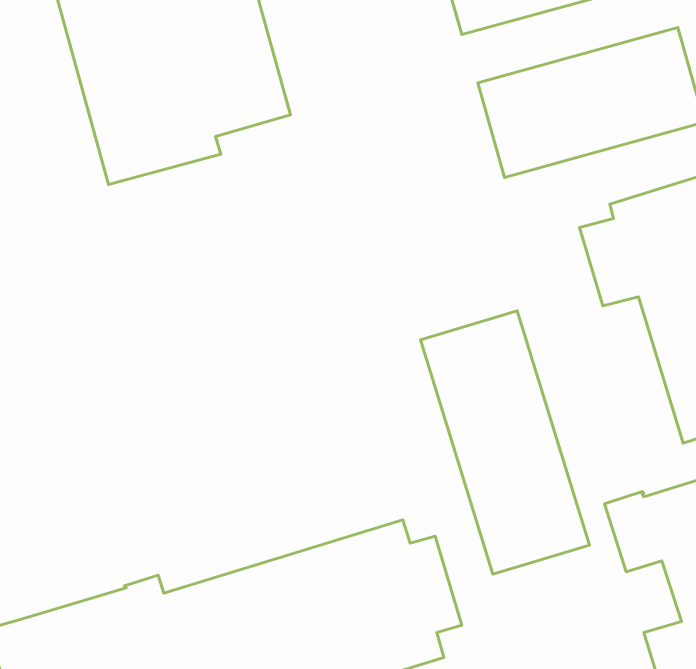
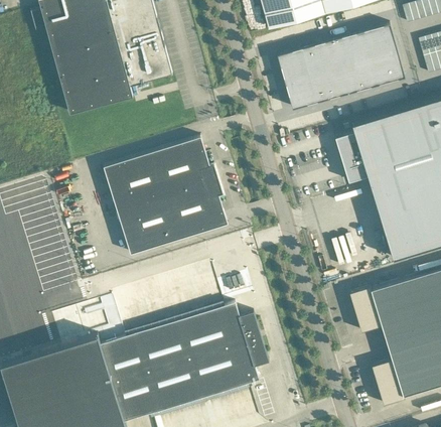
building: none -> [104,137,228,255]
building: [421,311,590,574] -> none

